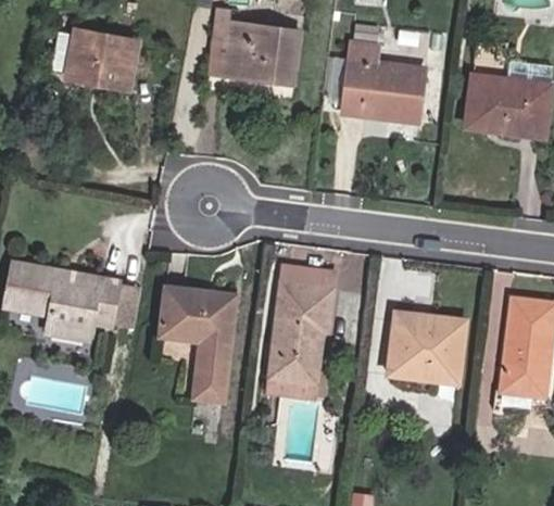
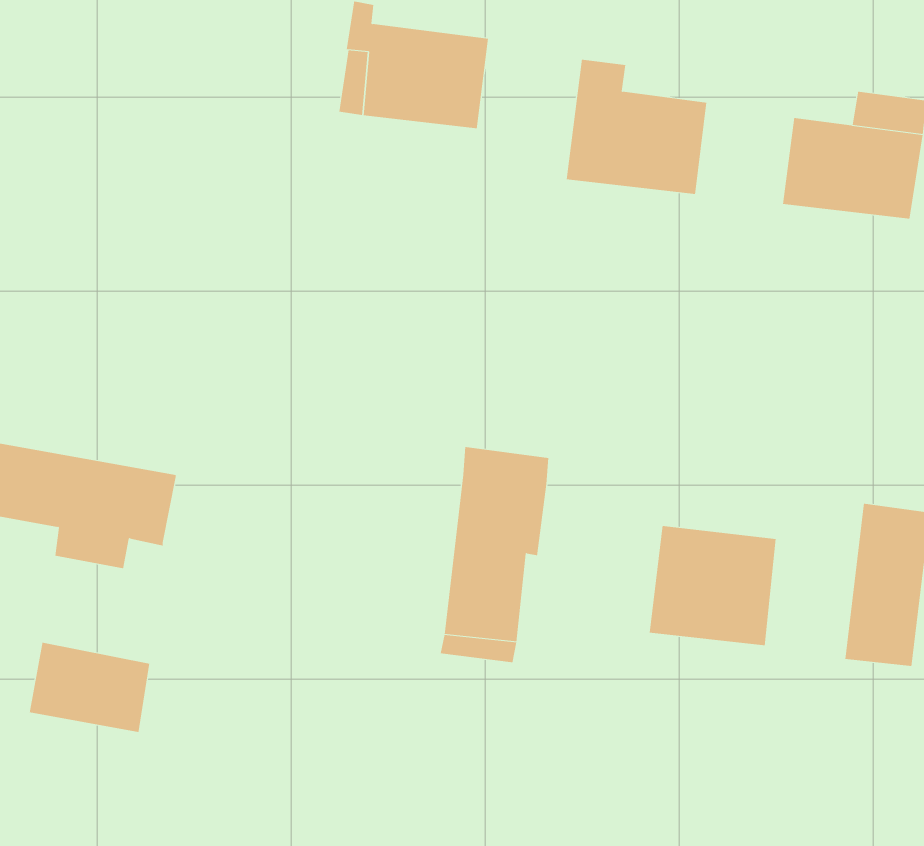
building: [68,33,135,86] -> none
building: [109,284,139,327] -> none
building: [161,289,234,397] -> none
building: none -> [29,642,150,733]

